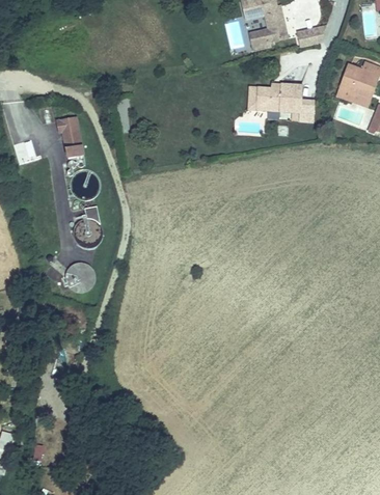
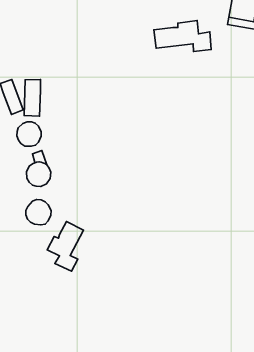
building: none -> [24,80,41,116]
building: none -> [47,221,84,271]

